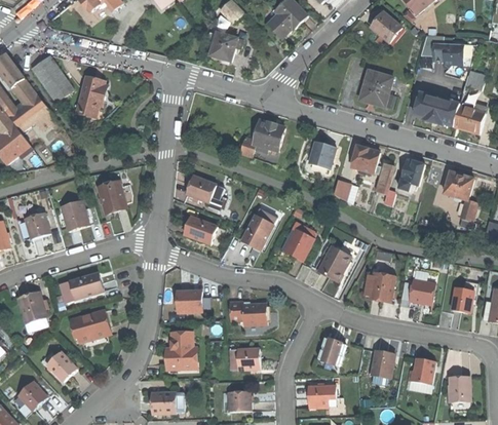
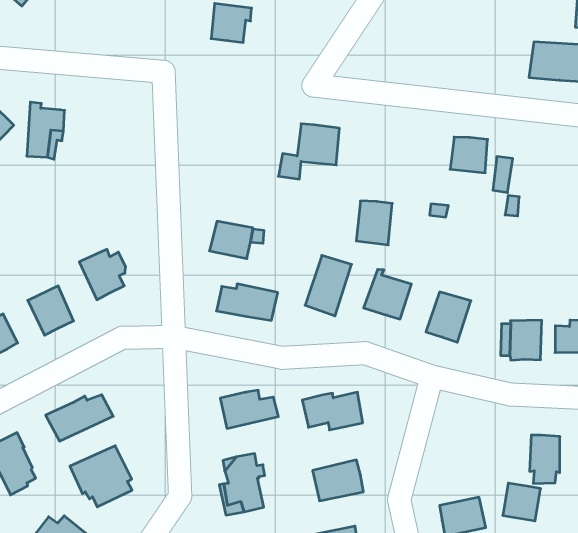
building: [359,69,394,107] -> none
building: [307,142,335,173] -> [356,201,392,245]
building: [398,159,423,190] -> none
building: [317,337,345,364] -> [503,483,541,521]

